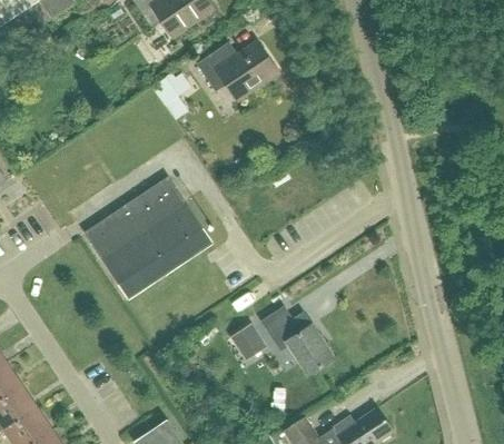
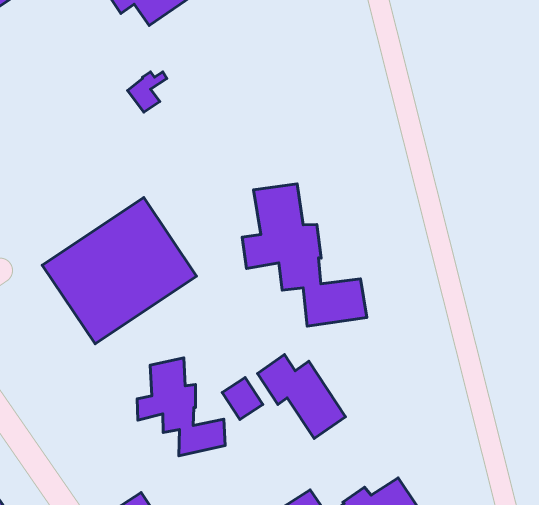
building: [196,41,277,99] -> none
building: none -> [242,184,367,326]
building: none -> [137,358,225,456]

